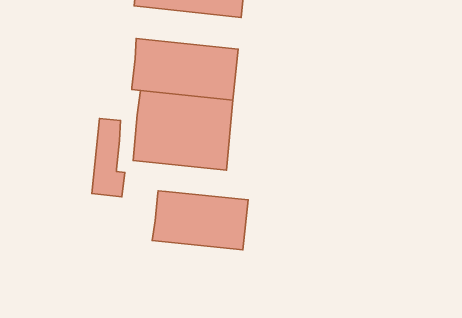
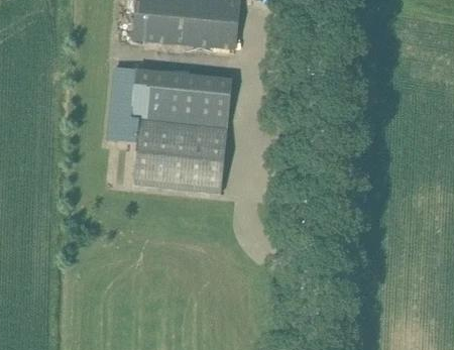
building: [92,118,125,197] -> [108,66,139,140]
building: [152,191,248,250] -> none

